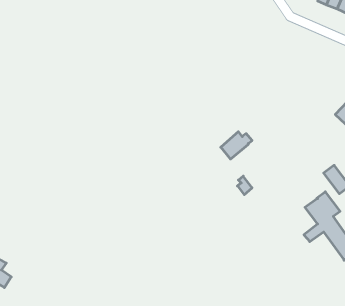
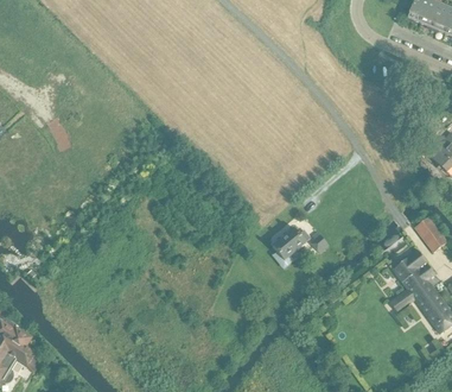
building: [221,132,252,159] -> [273,227,311,260]

